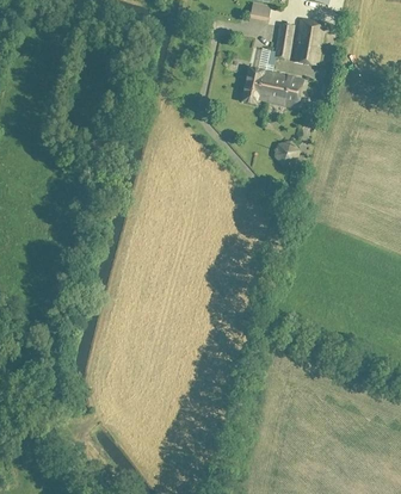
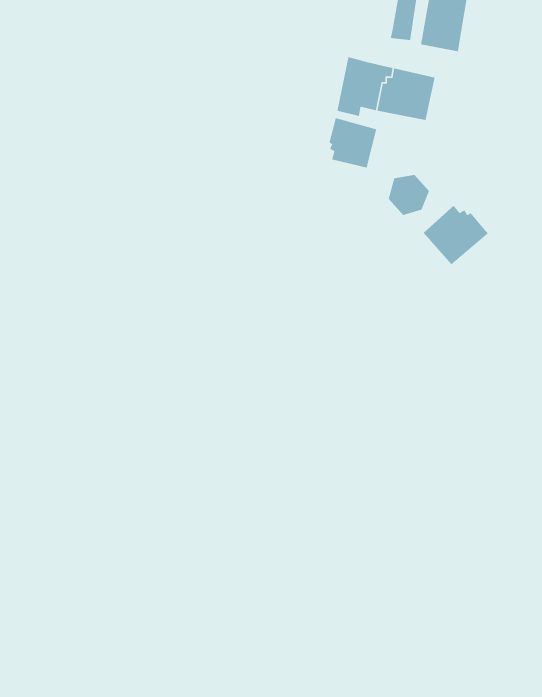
building: none -> [328,117,377,169]
building: none -> [423,205,489,265]

